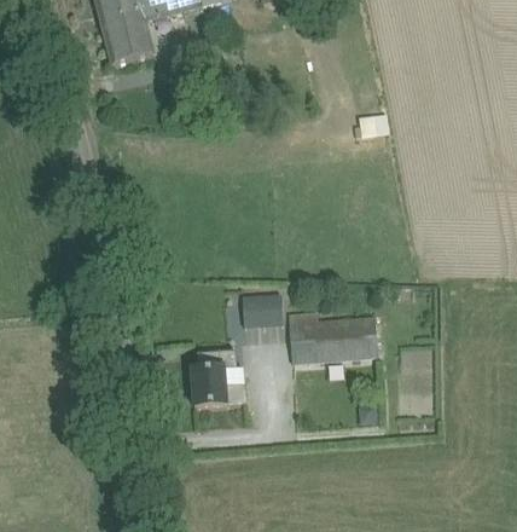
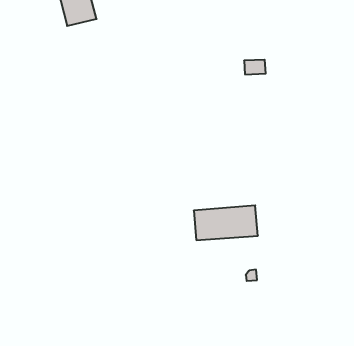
building: [240,291,283,325] -> none
building: [191,349,246,406] -> none

